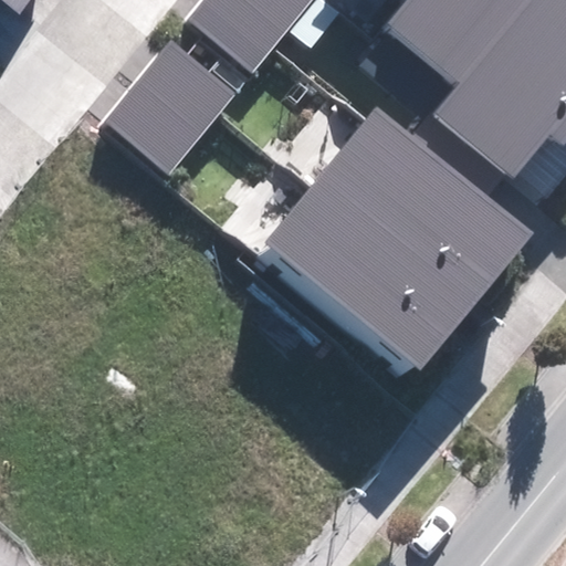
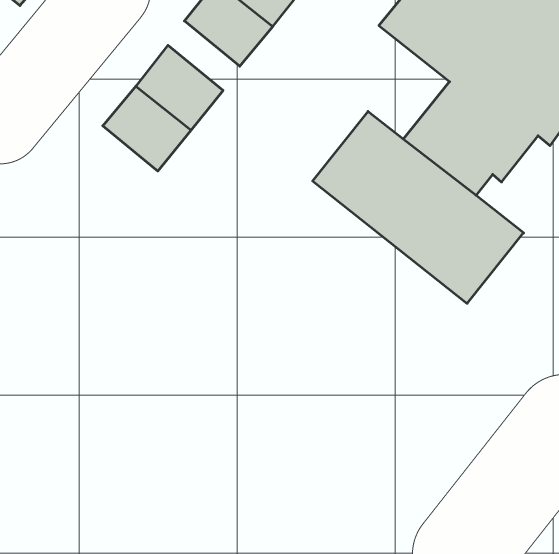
building: [262,181,473,374] -> none

